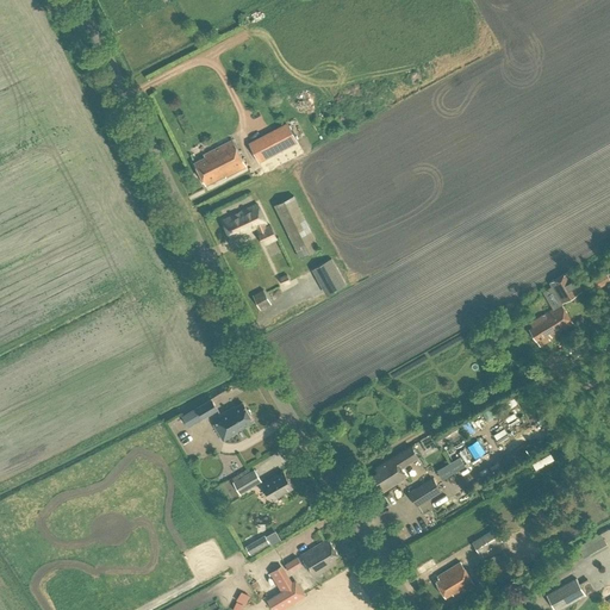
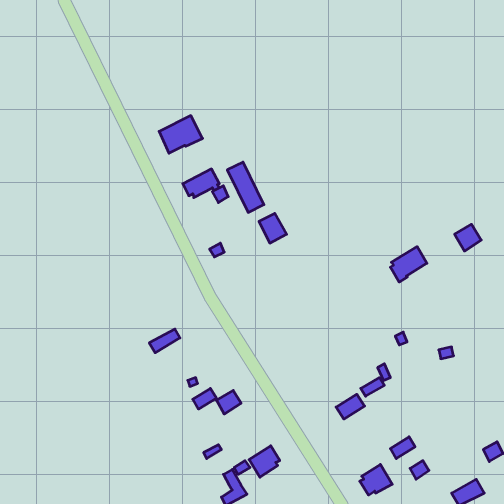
building: [248,124,295,163] -> none
building: [528,304,572,347] -> [390,247,427,282]
building: [213,404,251,441] -> none
building: [368,446,417,493] -> none

